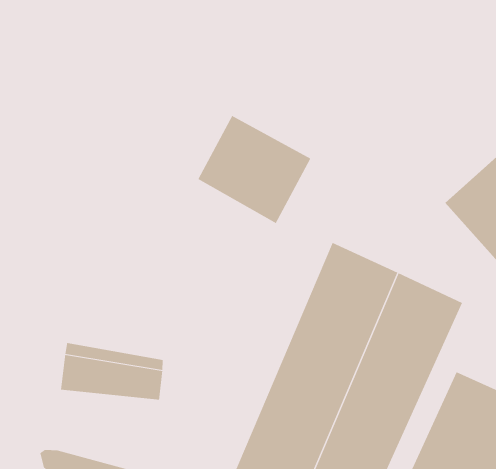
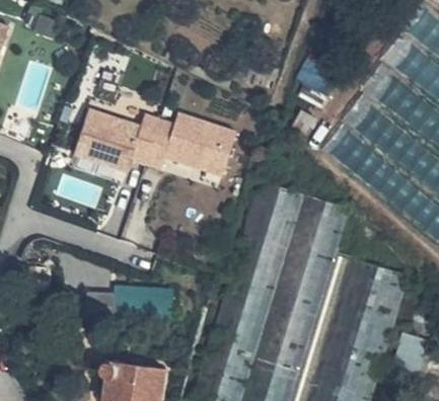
building: none -> [70,110,174,176]

